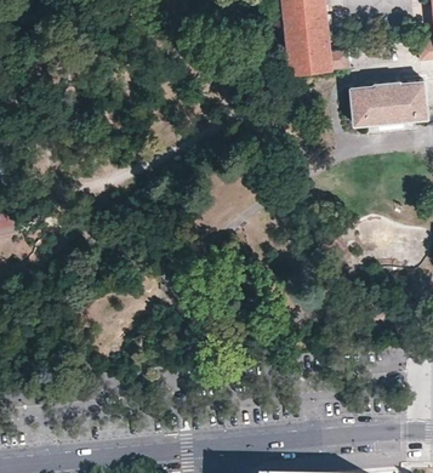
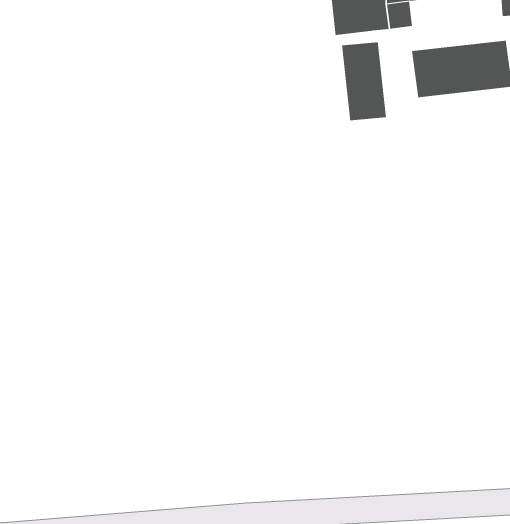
building: none -> [342,41,387,121]

